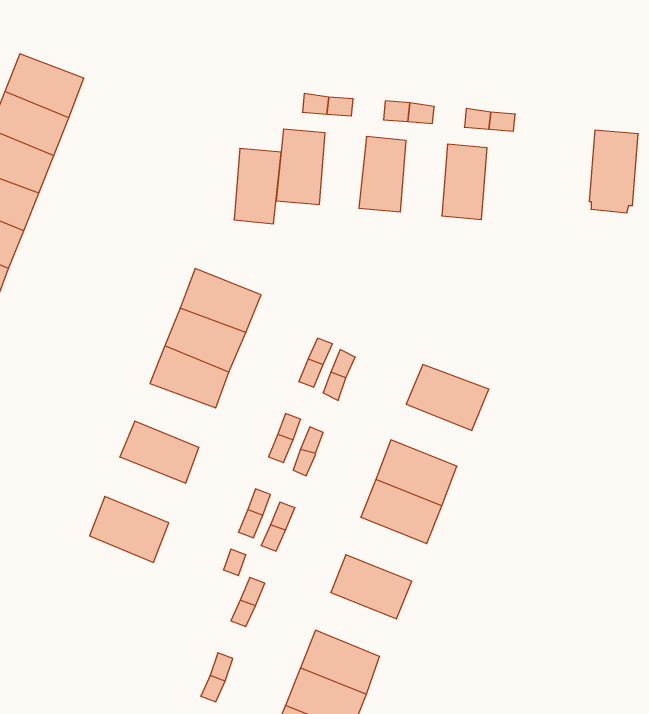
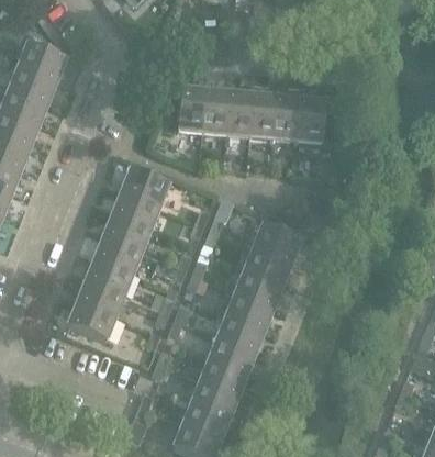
building: [589,130,638,213] -> [297,98,325,146]
building: none -> [249,93,277,137]
building: [234,148,281,224] -> [202,89,230,133]
building: none -> [94,235,142,272]
building: none -> [244,247,291,283]
building: none -> [77,278,124,316]
building: none -> [217,313,265,350]
building: none -> [200,357,247,394]

